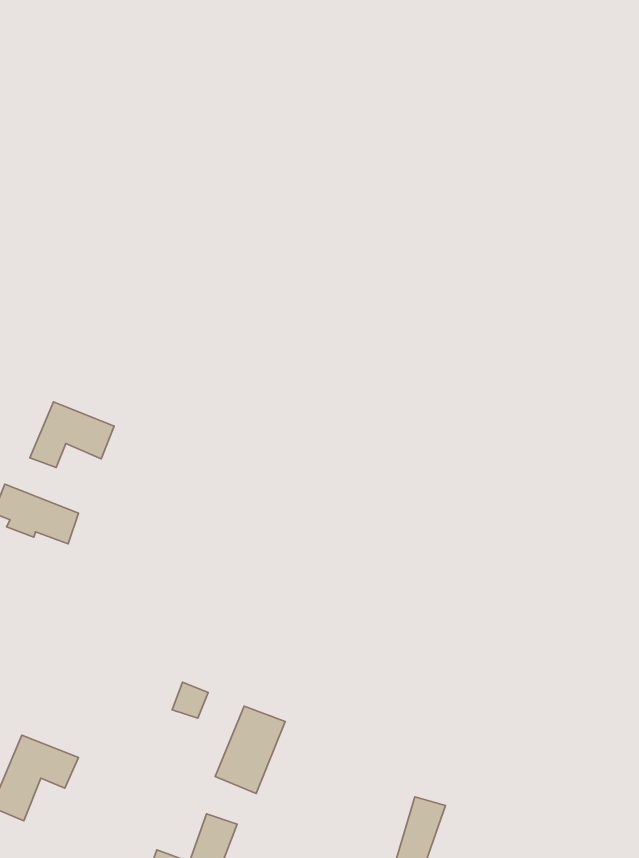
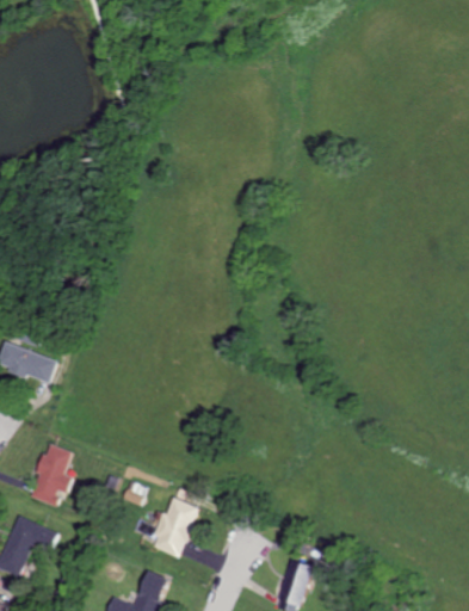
building: [30,402,114,468] -> none
building: none -> [29,443,72,506]

